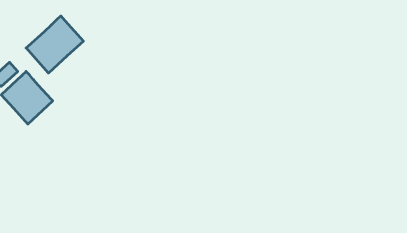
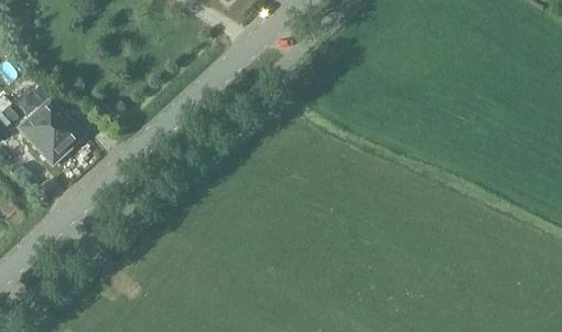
building: [26,16,83,73] -> none

